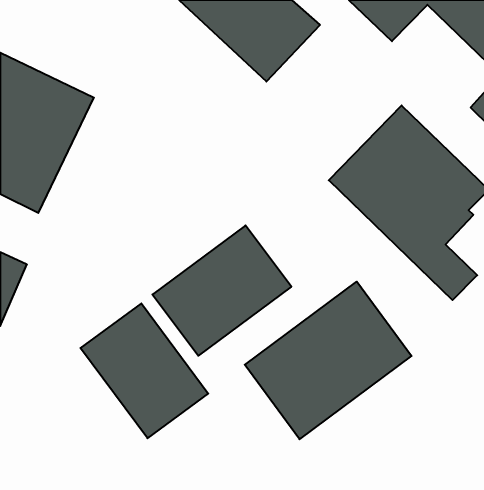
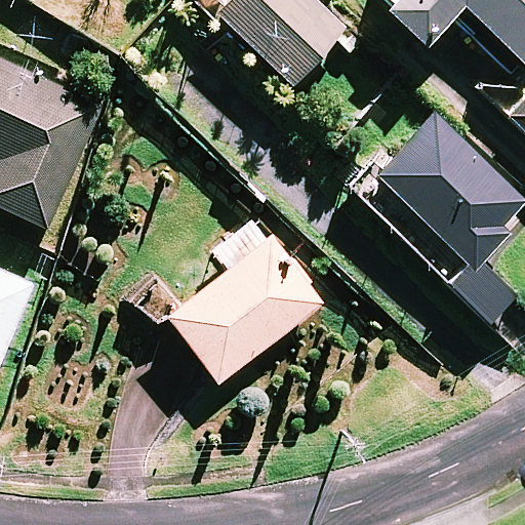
building: [245,282,412,439] -> none
building: [80,303,208,438] -> none

